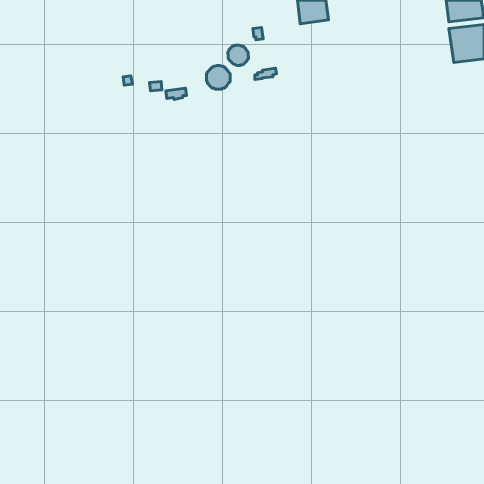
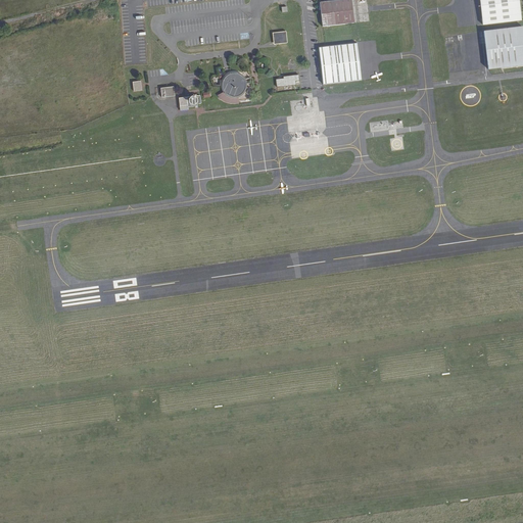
building: none -> [319,41,362,83]
building: [228,45,248,66] -> none

